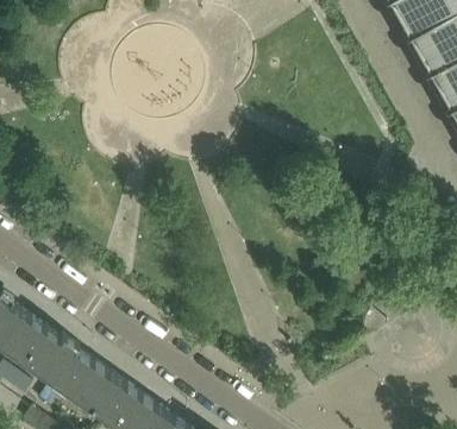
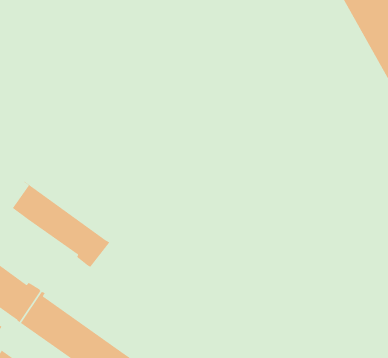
building: none -> [12,181,111,268]

